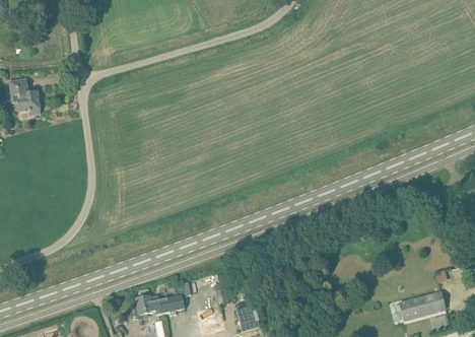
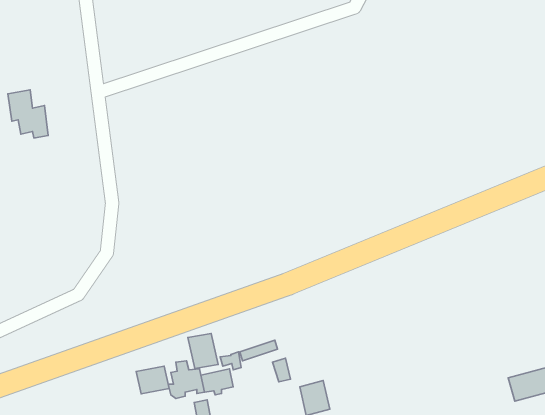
building: none -> [188,333,218,368]
building: none -> [136,366,169,394]

